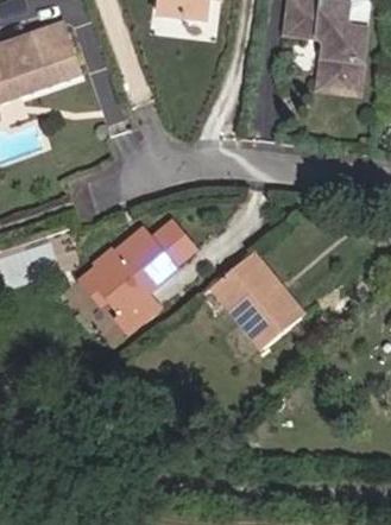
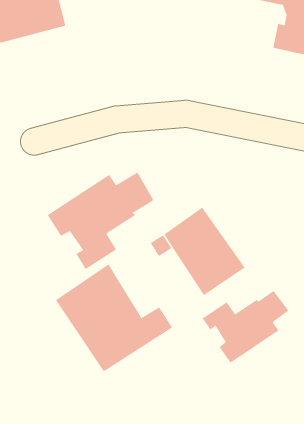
building: none -> [55,263,173,372]
building: none -> [202,290,289,364]

